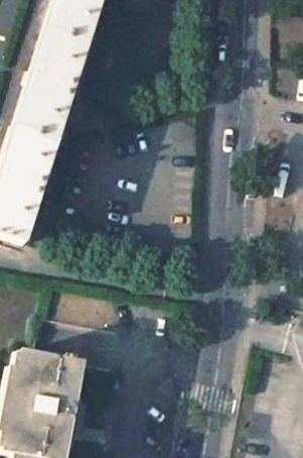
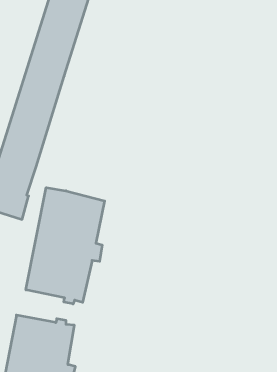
building: none -> [26,188,105,304]

